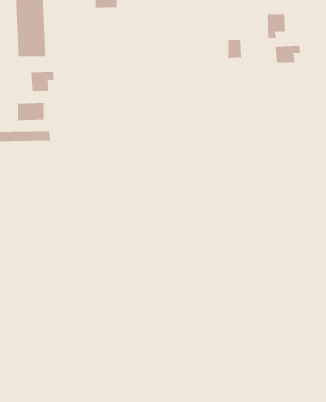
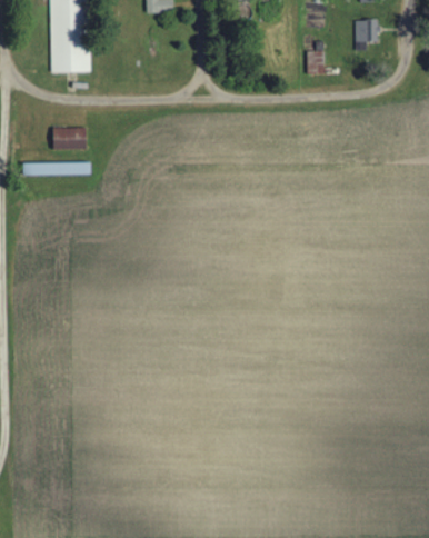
building: [275,45,300,63] -> none
building: [31,71,54,92] -> none

